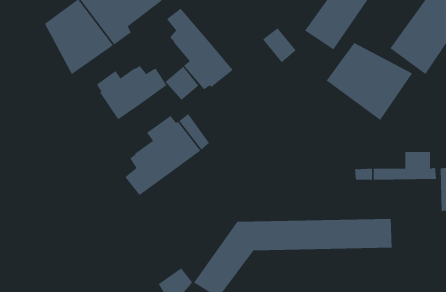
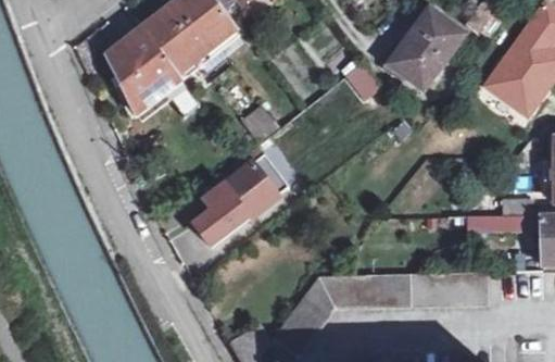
building: [166,8,234,90] -> none
building: [326,42,413,121] -> none
building: [96,65,167,120] -> none

